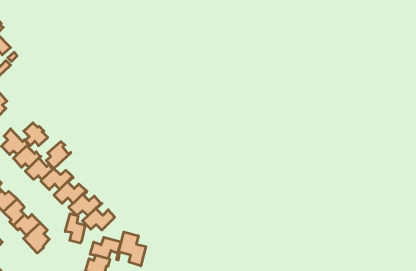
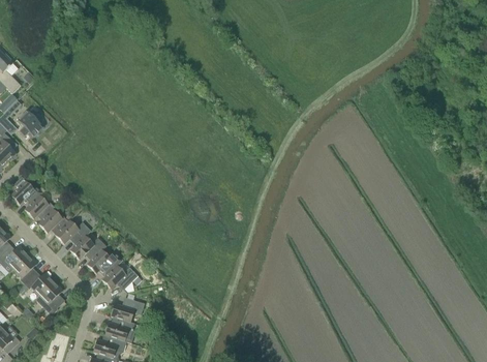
building: [24,123,48,146] -> [17,111,43,137]
building: [46,142,71,168] -> none
building: [65,214,85,243] -> none
building: [117,232,146,266] -> none

